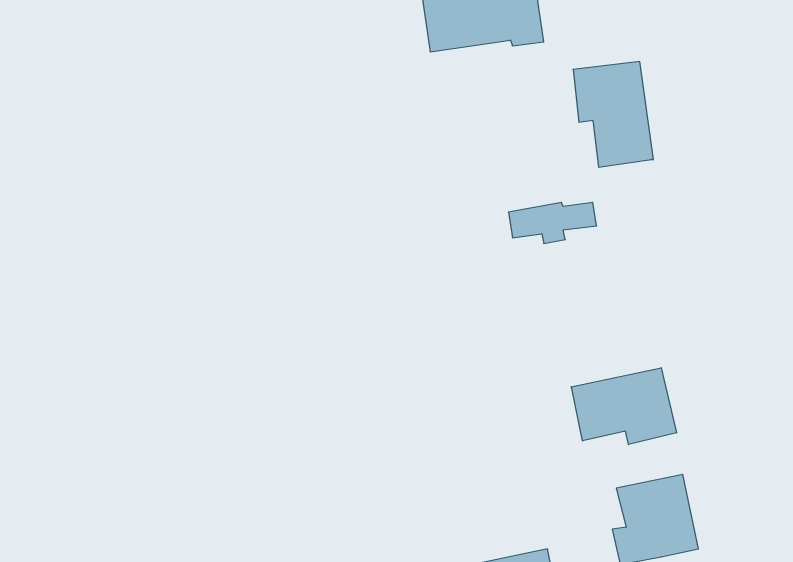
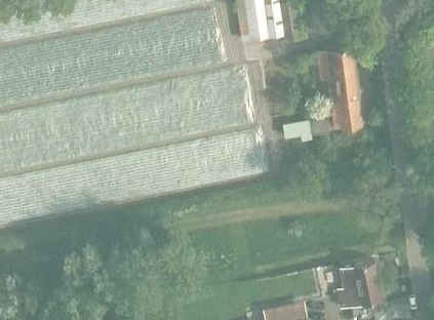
building: none -> [330,97,362,127]
building: [571,368,676,445] -> none

